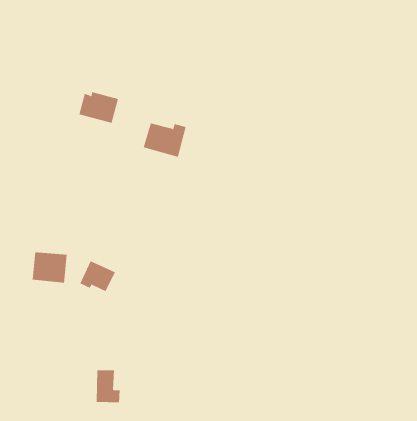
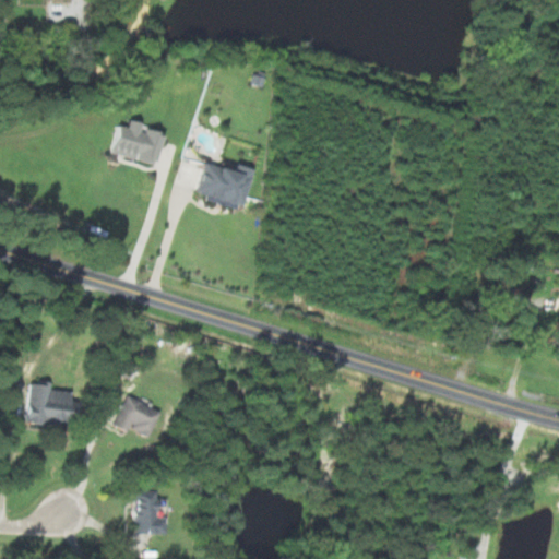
building: [32,252,67,283] -> [26,384,73,426]
building: [79,261,116,292] -> [114,395,162,437]

